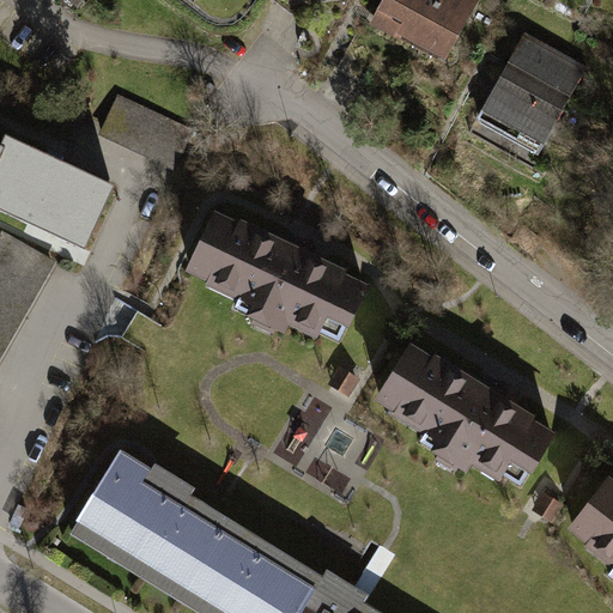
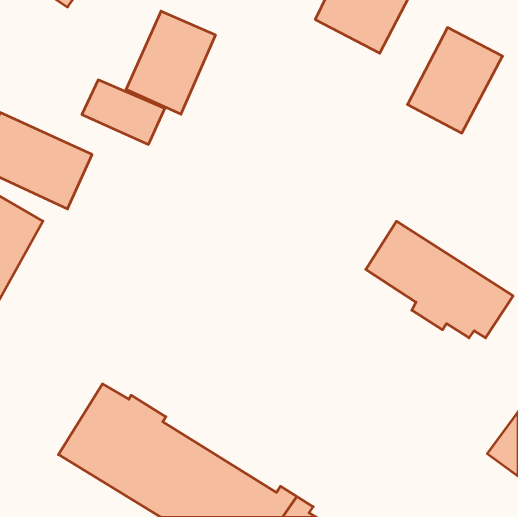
building: none -> [126,11,215,114]
building: [186,210,366,339] -> none
building: [378,345,551,481] -> [366,221,513,338]

